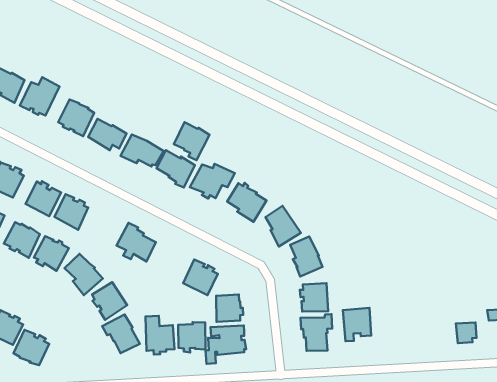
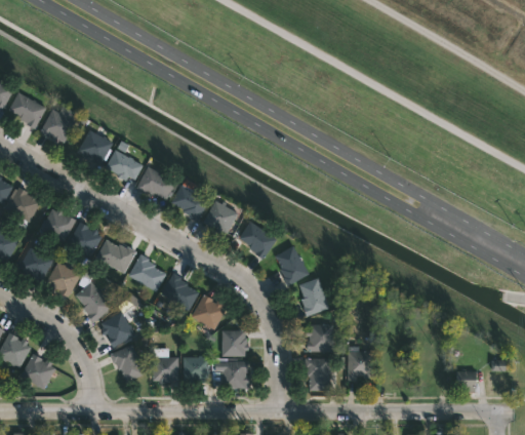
building: [174,122,210,160] -> none
building: none -> [94,239,136,274]
building: none -> [160,273,199,312]

